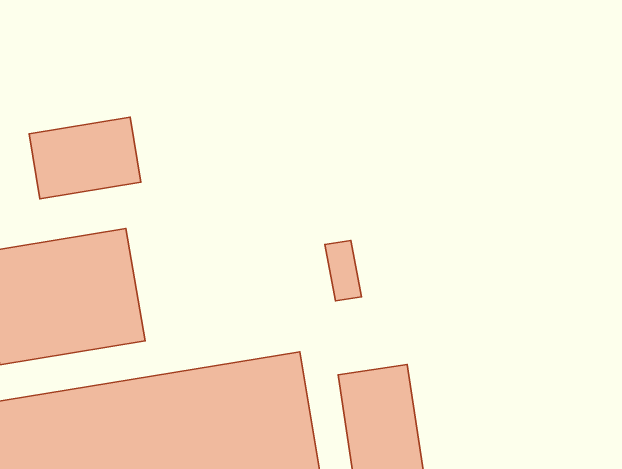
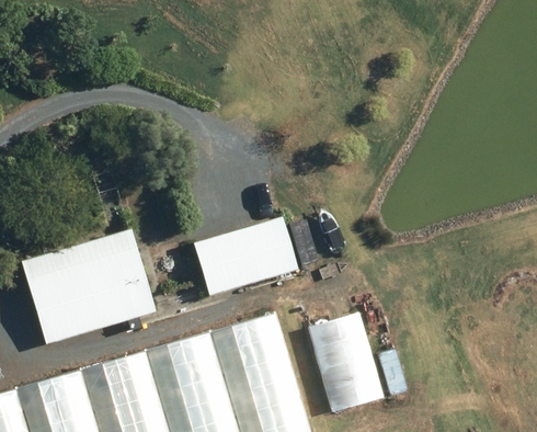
building: [29,117,141,199] -> none
building: none -> [193,219,296,302]

